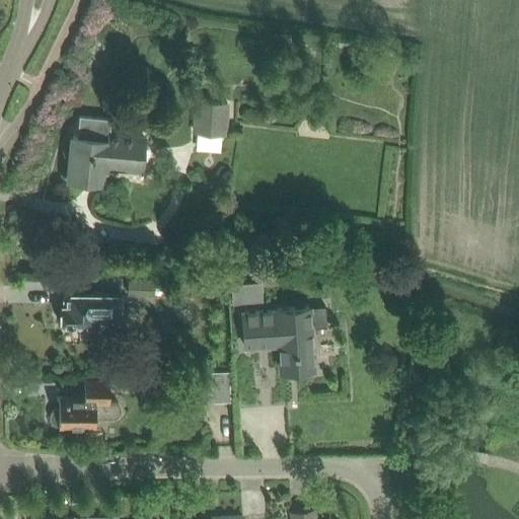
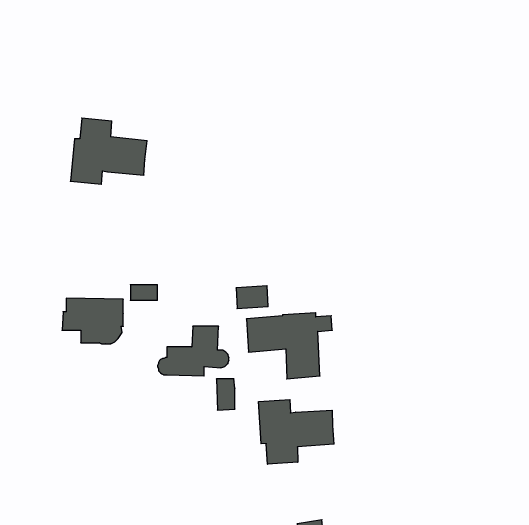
building: [193,102,230,138] -> none
building: [50,380,120,429] -> [158,326,229,376]
building: none -> [259,400,334,464]

